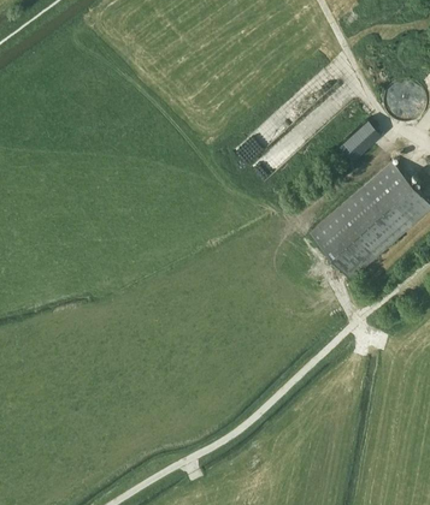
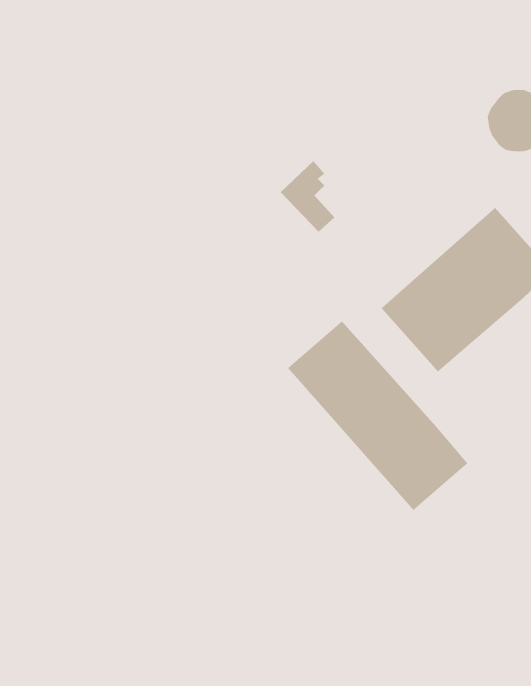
building: [337,118,382,161] -> none
building: none -> [287,321,468,511]

